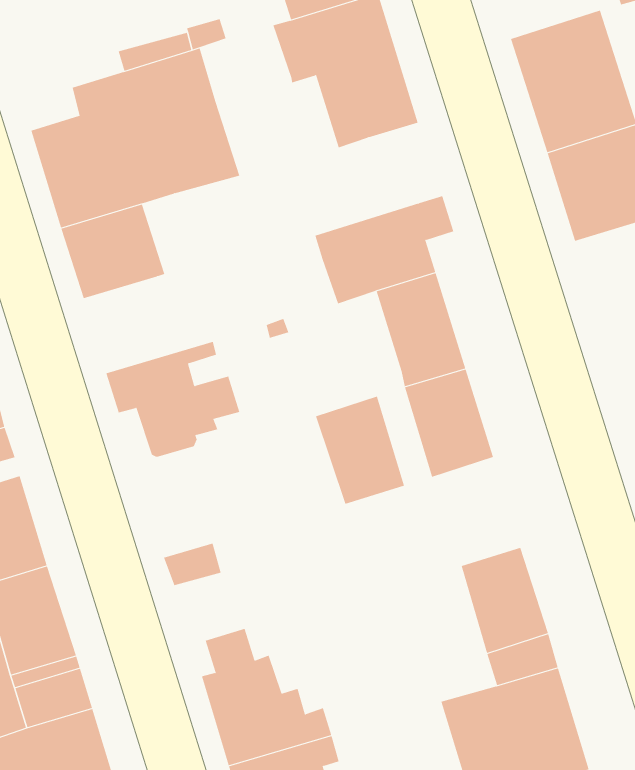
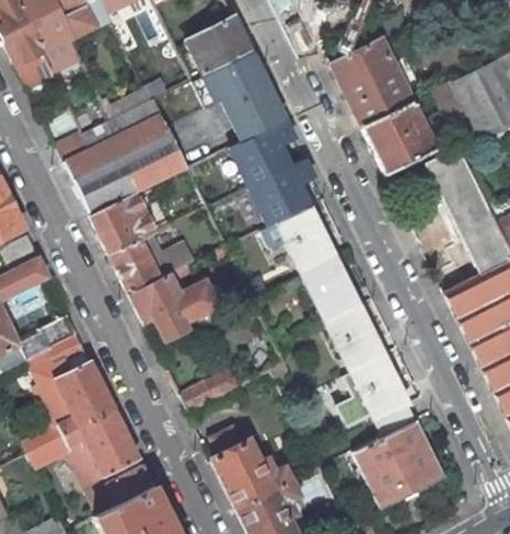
building: none -> [218,120,298,195]
building: none -> [111,233,195,293]
building: [315,396,405,505] -> [327,305,385,371]

